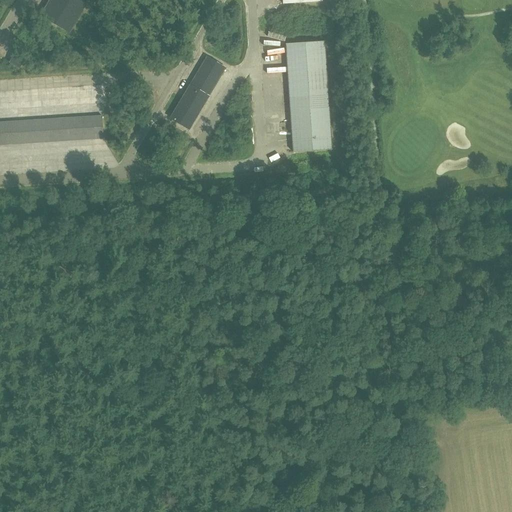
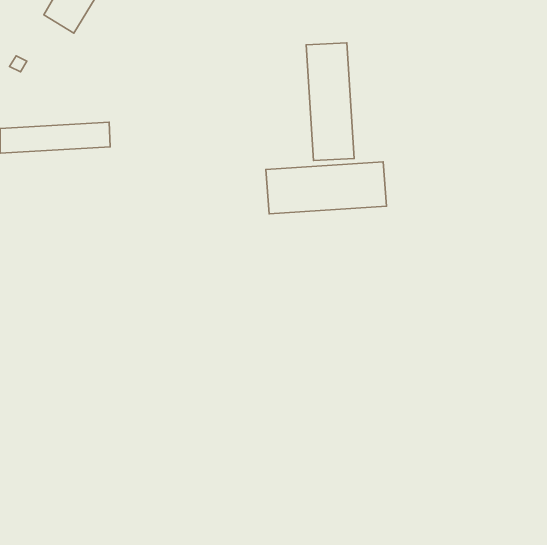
building: [170,56,225,128] -> none
building: none -> [266,162,387,214]

